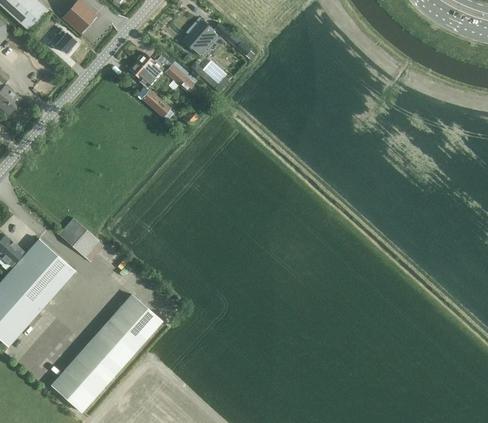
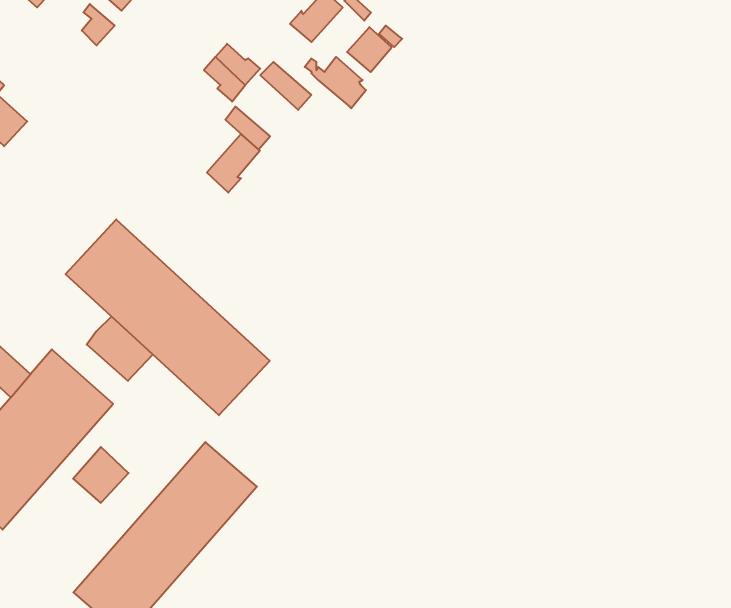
building: none -> [347,27,392,72]
building: none -> [207,134,260,193]
building: none -> [66,219,270,415]
building: none -> [73,447,129,503]

